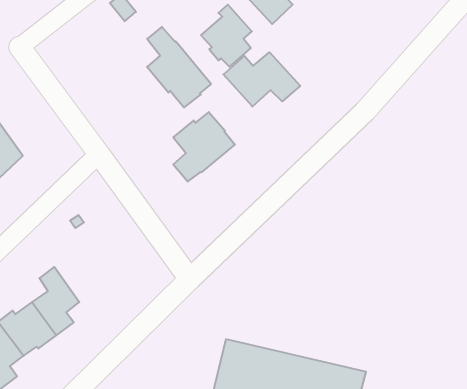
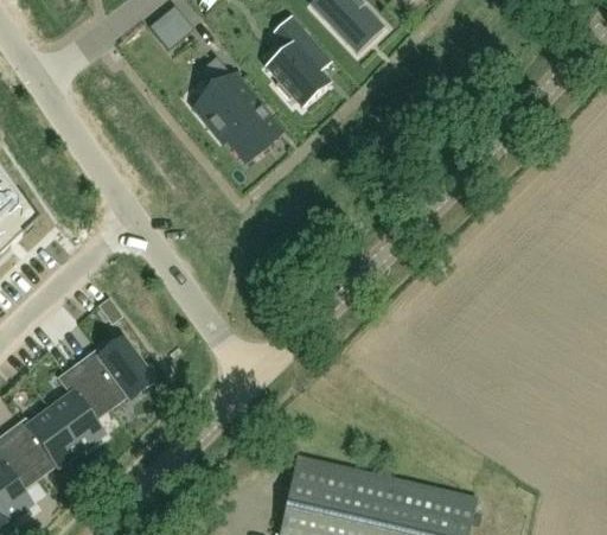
building: [223,52,300,107] -> none
building: [173,112,235,182] -> none
building: none -> [77,338,153,408]

